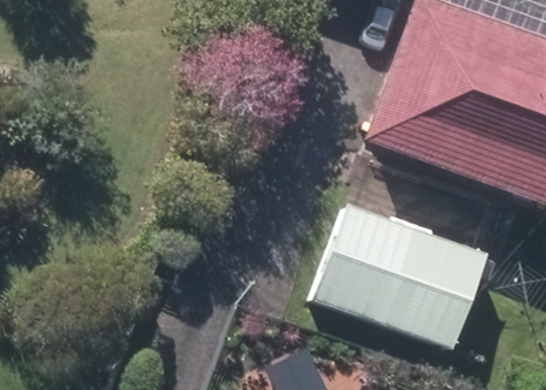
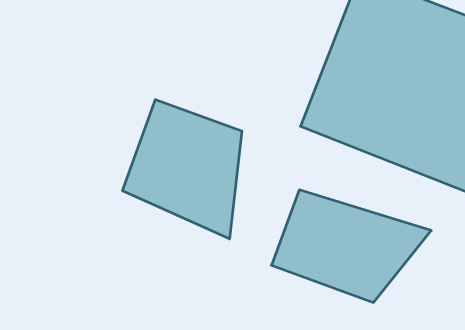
building: none -> [123,100,242,239]

